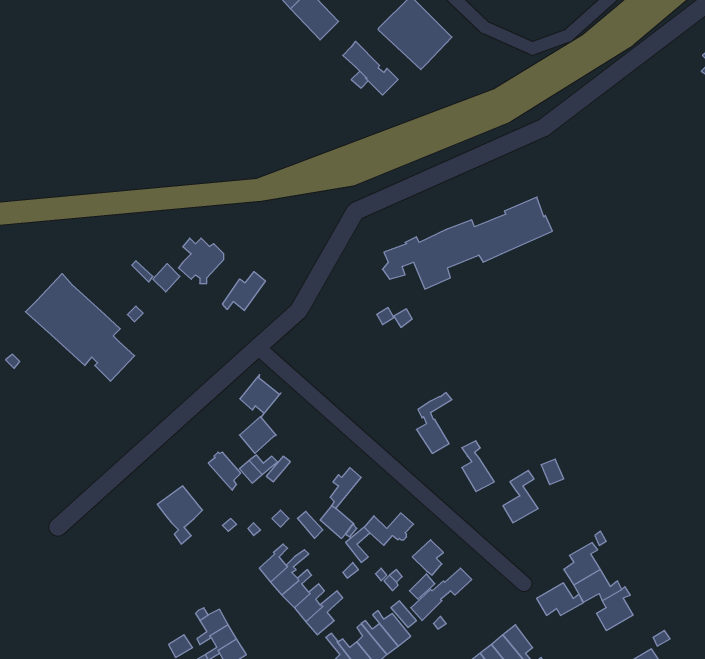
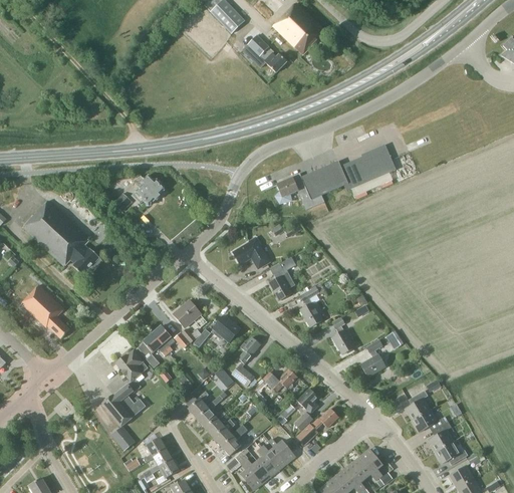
building: [223,272,265,311] -> none
building: none -> [234,236,270,268]
building: none -> [270,262,295,299]
building: [240,375,281,417] -> [212,313,241,343]
building: none -> [20,284,70,337]
building: none -> [139,333,170,368]
building: none -> [102,384,146,451]
building: [537,583,583,615] -> [435,441,468,464]

